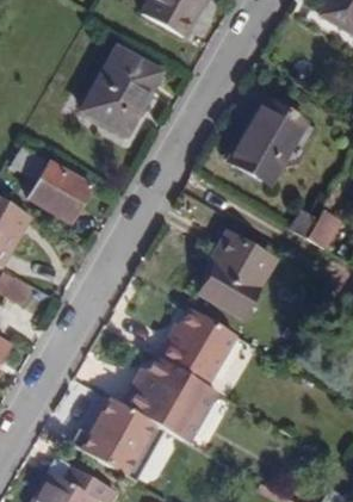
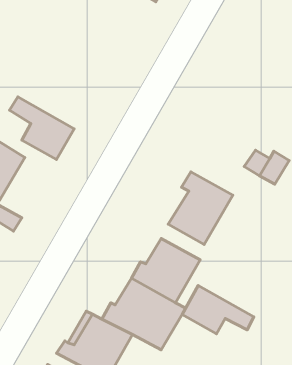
building: [82,47,160,132] -> none
building: [228,99,305,185] -> none
building: none -> [182,286,254,334]

